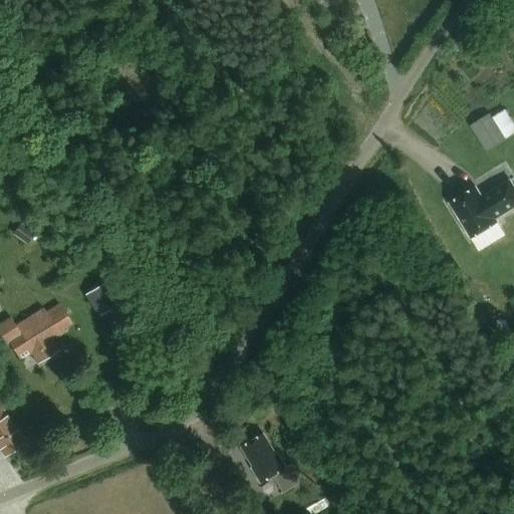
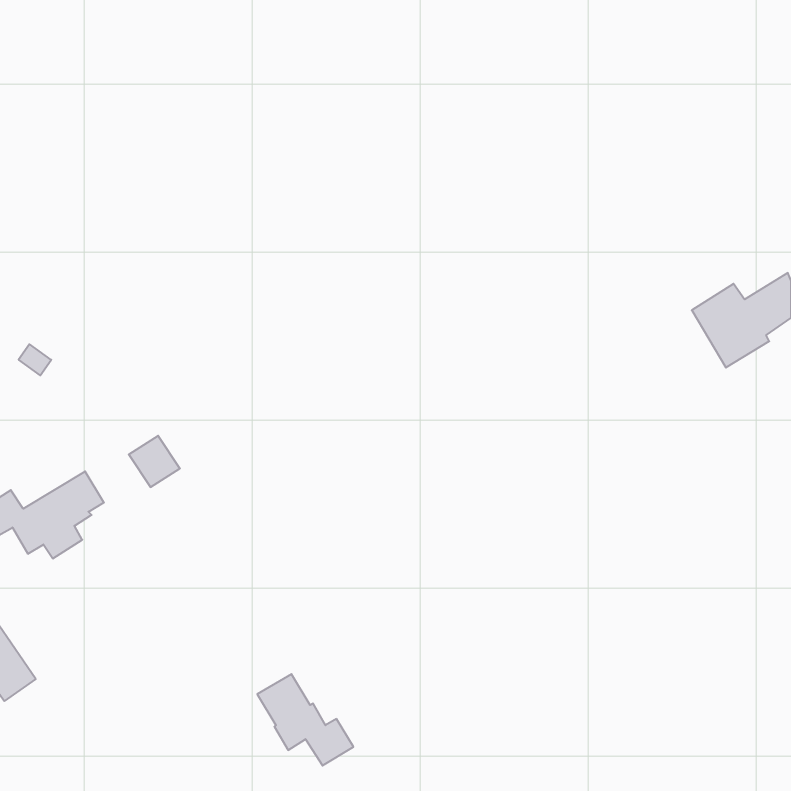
building: [469,110,506,151] -> none
building: [241,432,303,491] -> [257,674,353,766]

